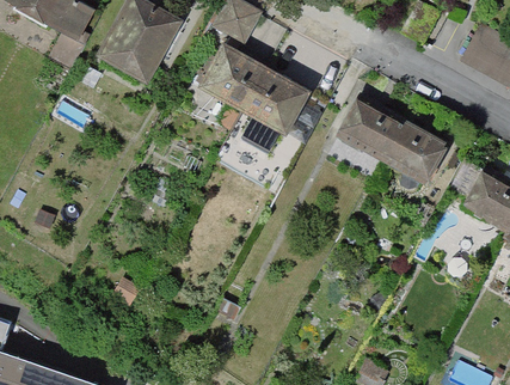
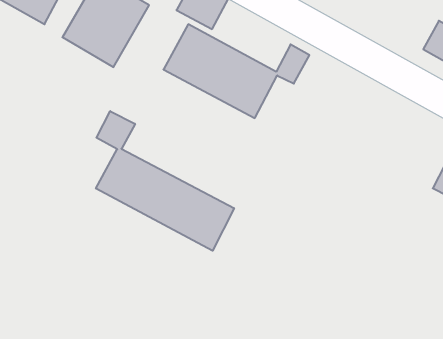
building: [336,93,449,184] -> none
building: none -> [96,111,234,251]

